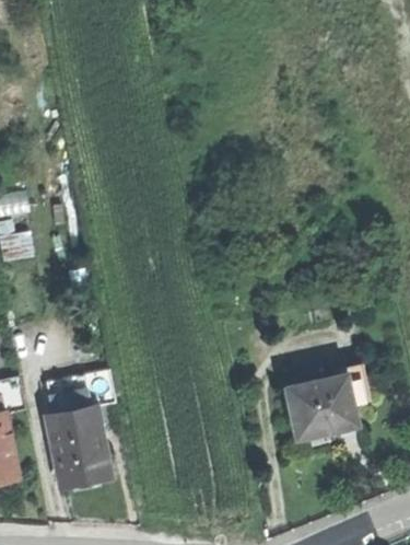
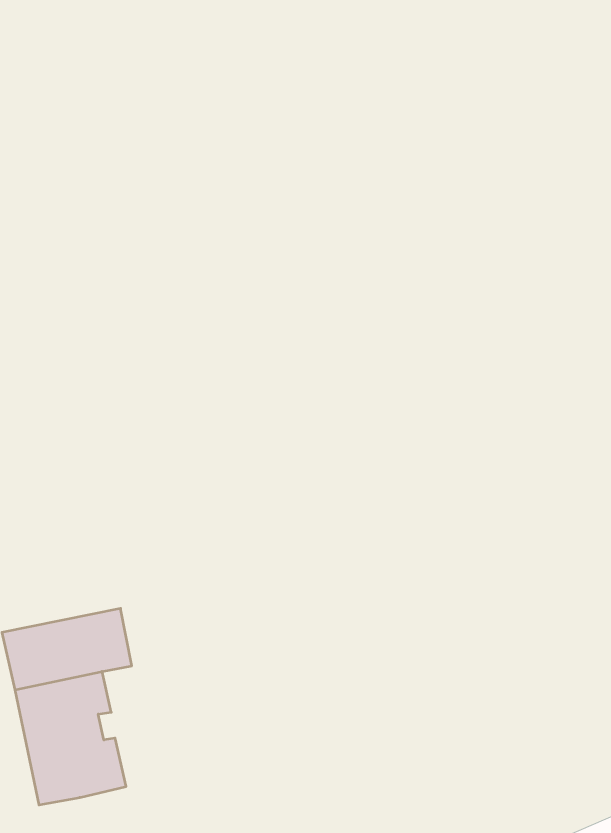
building: [291,362,376,437] -> none

